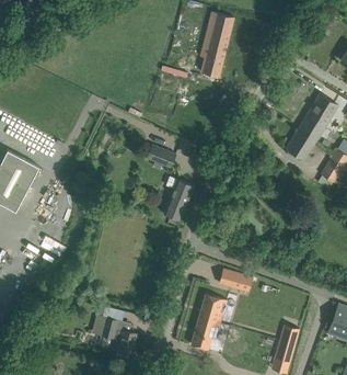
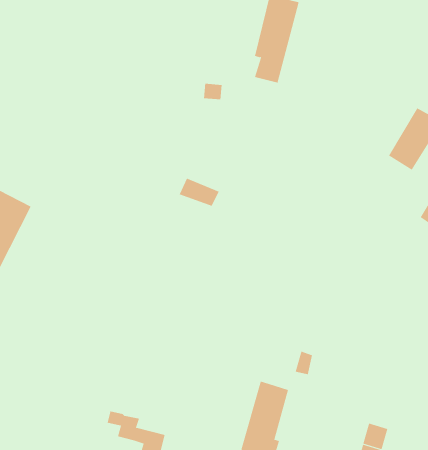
building: [286,129,315,160] -> none
building: [163,177,193,220] -> none

